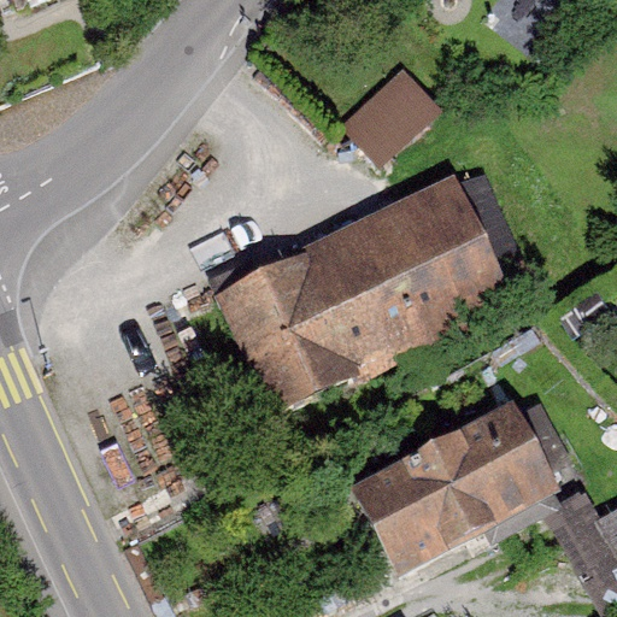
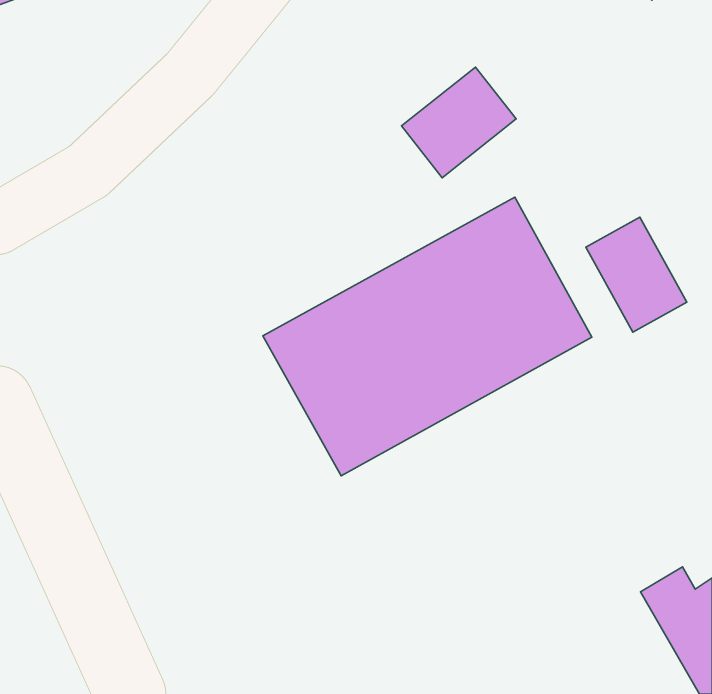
building: none -> [586,217,687,332]
building: [353,407,562,577] -> none

